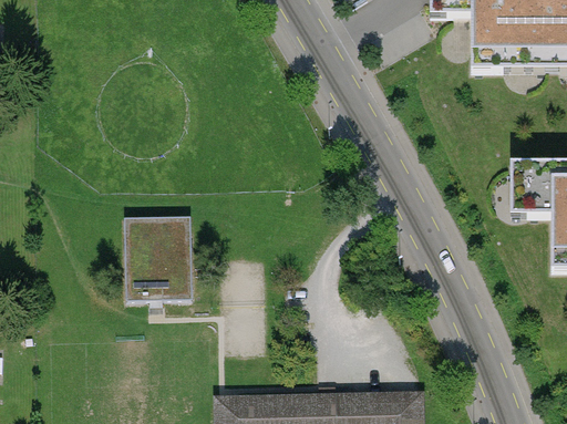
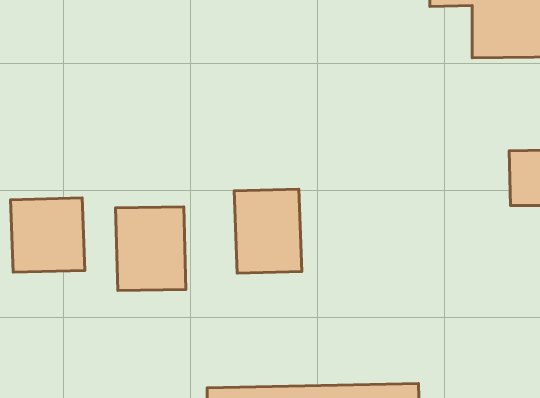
building: none -> [234,189,302,273]
building: none -> [10,198,85,272]

